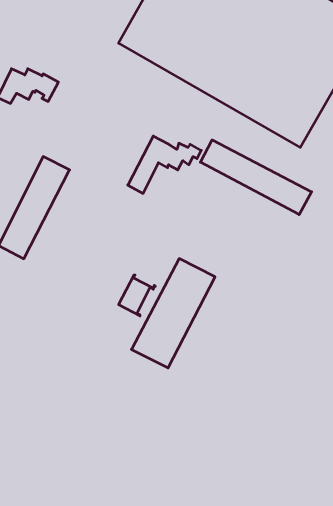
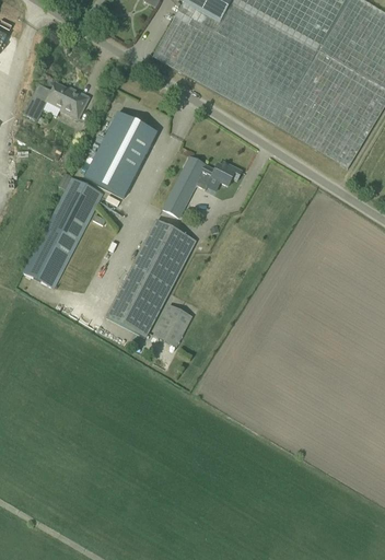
building: none -> [84,110,158,197]
building: [200,140,312,215] -> none
building: [131,259,215,368] -> [106,219,196,336]

